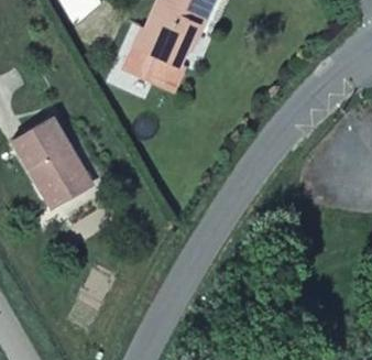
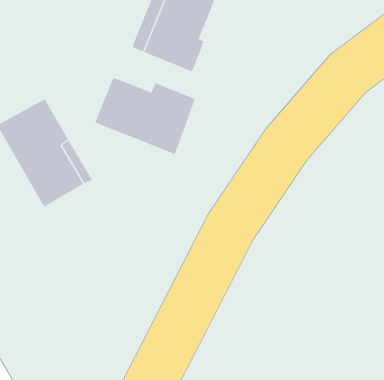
building: none -> [94,77,196,155]

